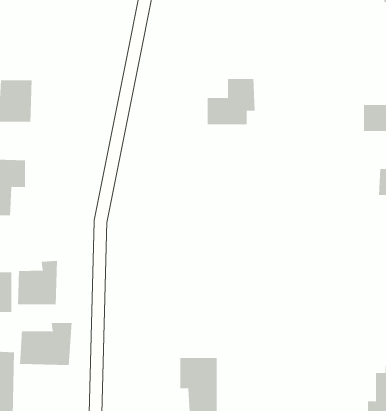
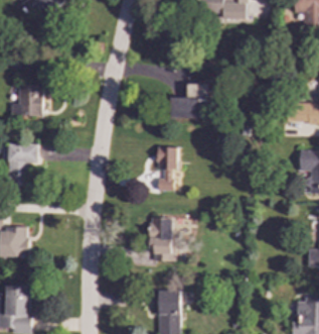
building: none -> [157,147,179,190]
building: none -> [150,218,176,261]
building: [17,260,57,305] -> none
building: [19,322,72,366] -> none

